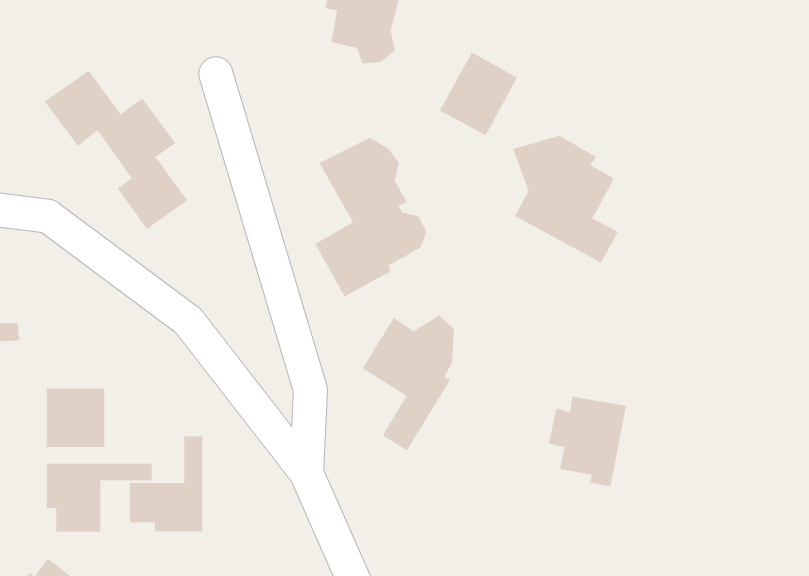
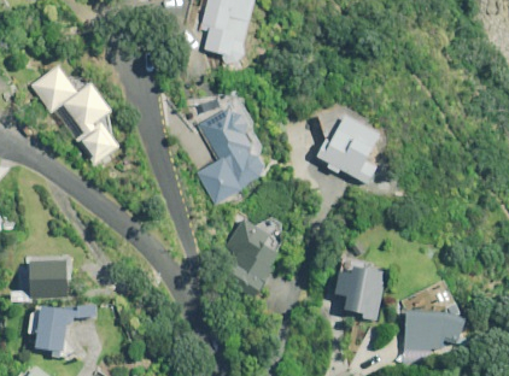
building: [439,52,518,136] -> none
building: [129,436,203,532] -> none
building: none -> [403,310,466,349]

